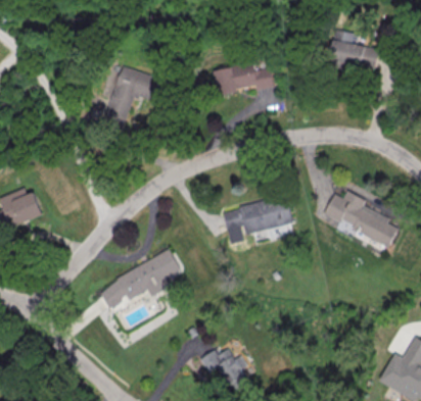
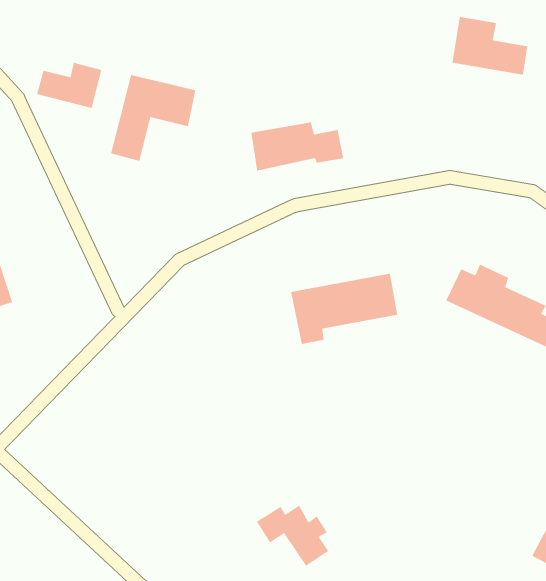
building: none -> [36,62,102,109]
building: [213,62,274,95] -> [250,121,344,171]
building: [98,251,180,308] -> none

